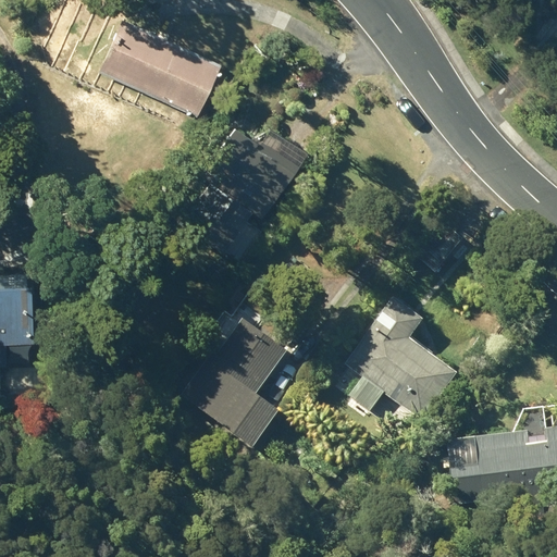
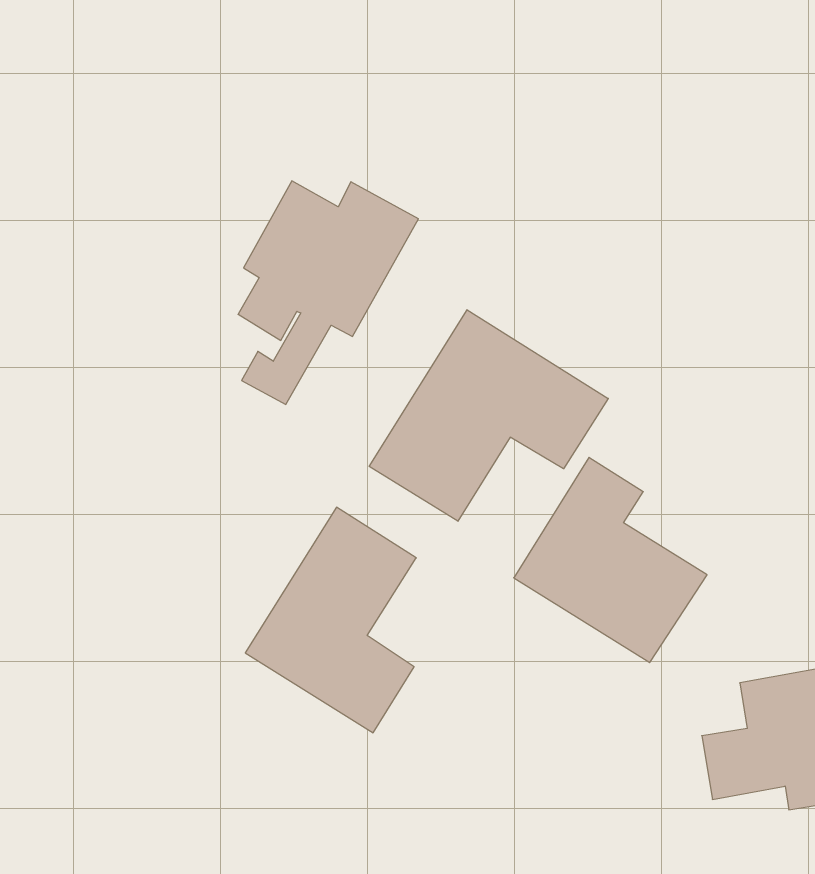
building: [96,17,219,114] -> none
building: none -> [369,310,608,521]

